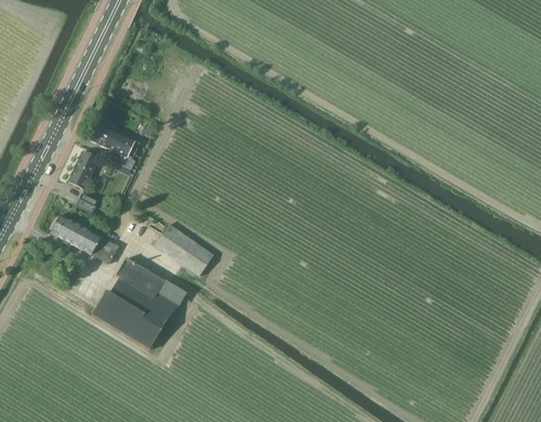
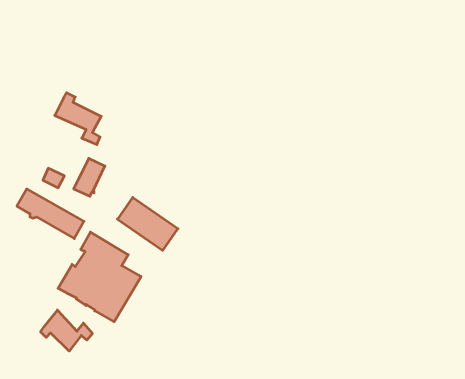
building: [68,150,100,188] -> [74,158,105,196]
building: none -> [41,310,92,351]

